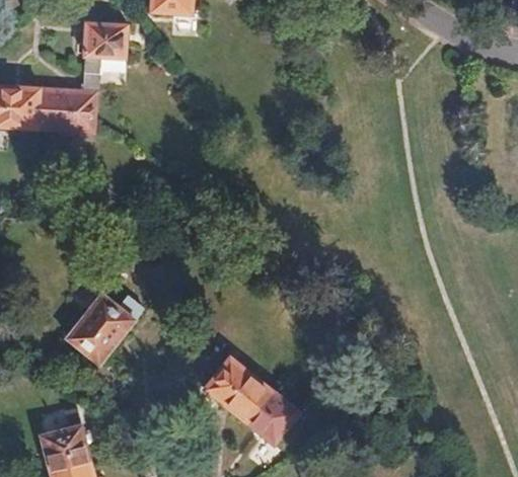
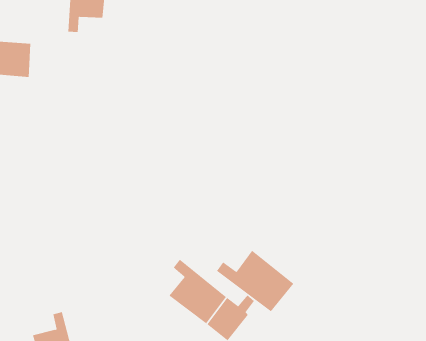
building: [36,75,95,134] -> none
building: [66,295,132,365] -> none
building: none -> [216,250,294,312]

